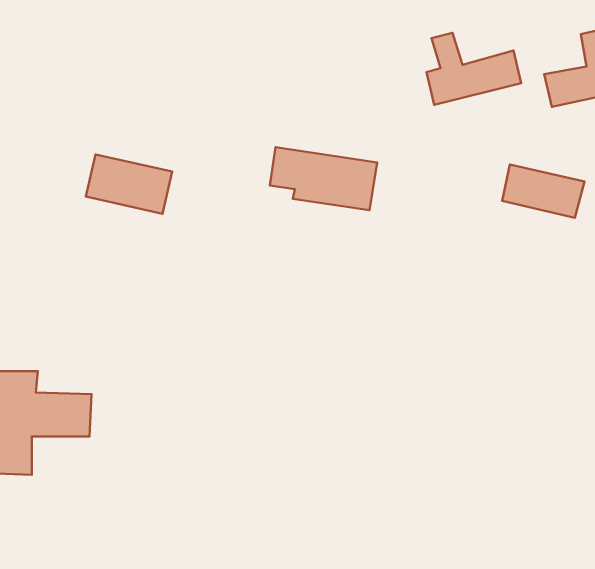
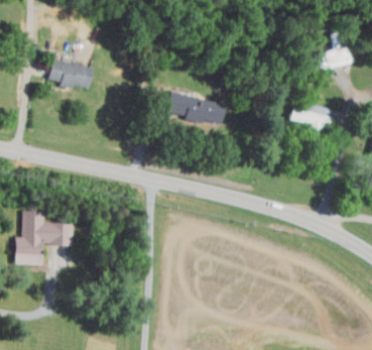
building: [427,33,521,105] -> none
building: [86,154,172,214] -> [47,59,93,90]

